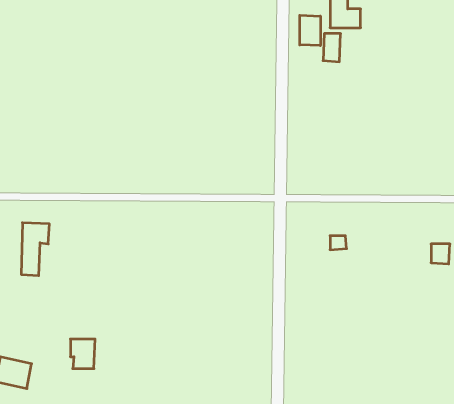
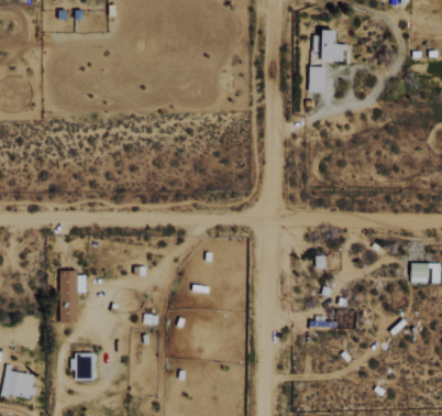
building: [300,15,320,46] -> none
building: [21,223,49,276] -> [59,272,86,321]

